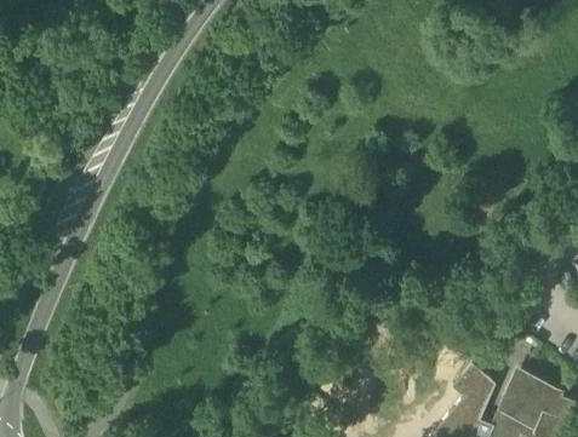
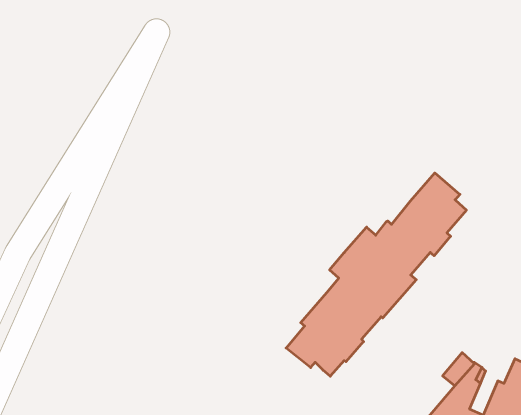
building: none -> [286,173,466,376]

